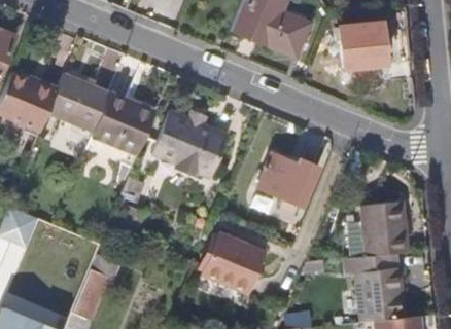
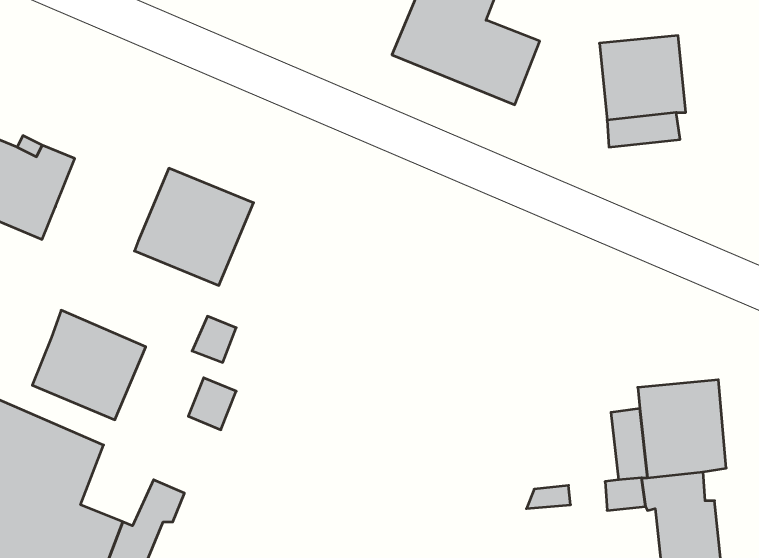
building: [48,72,109,131] -> [32,310,146,420]
building: [150,109,228,178] -> none
building: [257,154,314,204] -> none
building: [199,233,264,294] -> none

